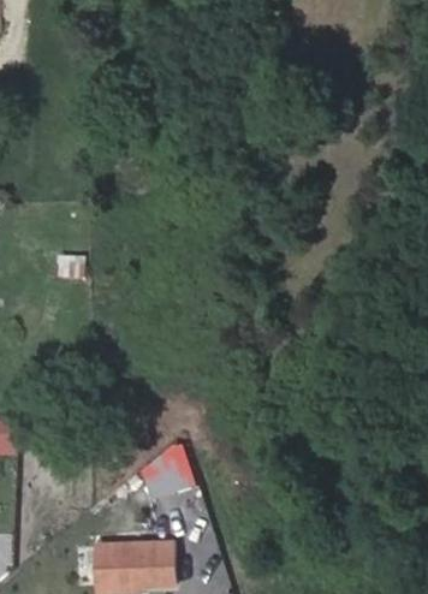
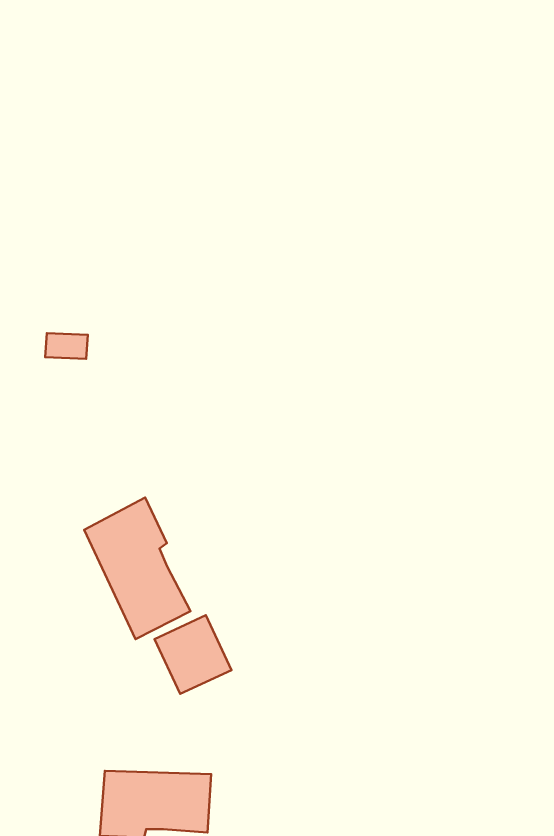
building: none -> [84,498,190,639]

